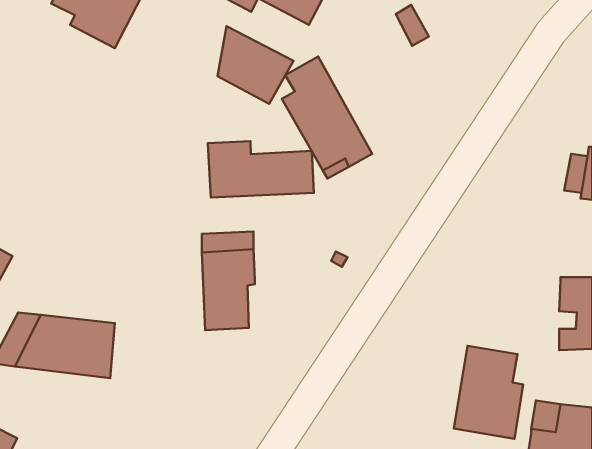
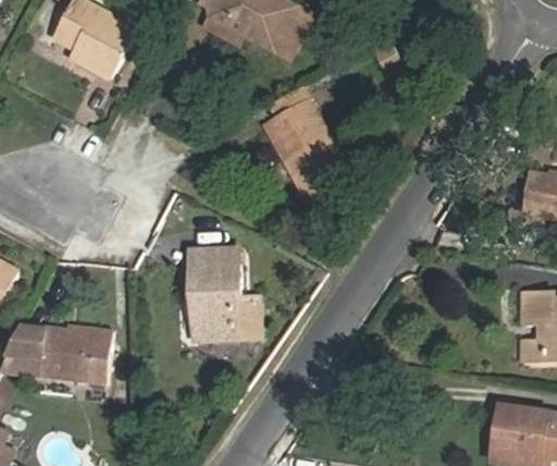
building: [218,26,293,104] -> none
building: [208,141,314,198] -> none
building: none -> [233,292,257,338]
building: [454,346,523,439] -> none

